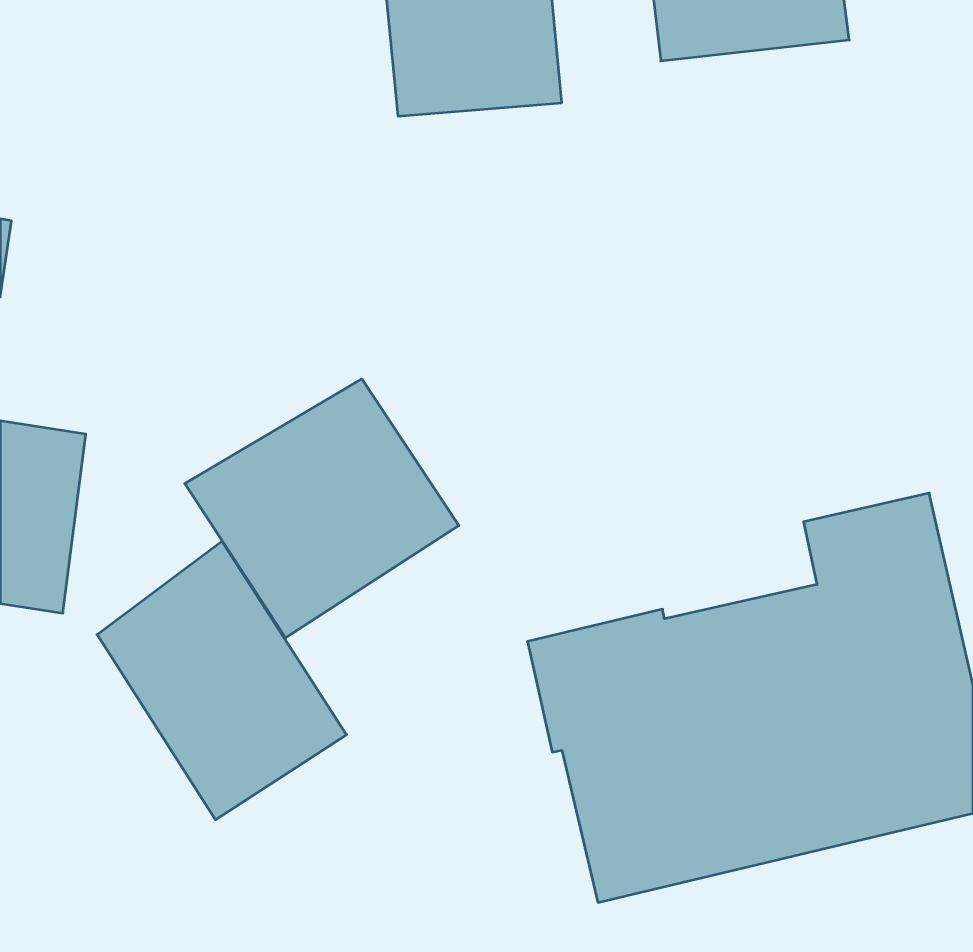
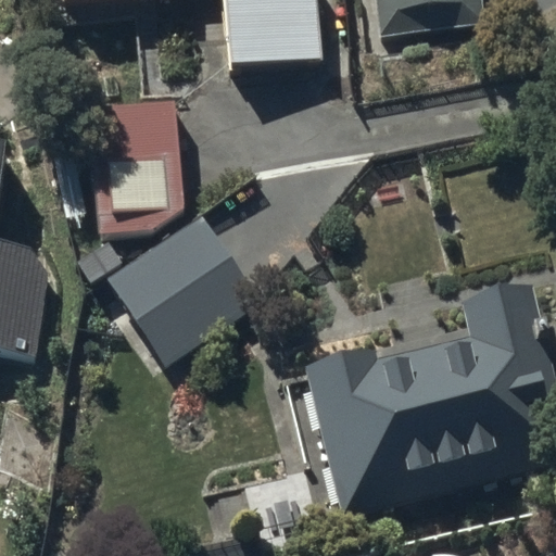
building: none -> [88,105,182,233]
building: [97,541,347,820] -> none

